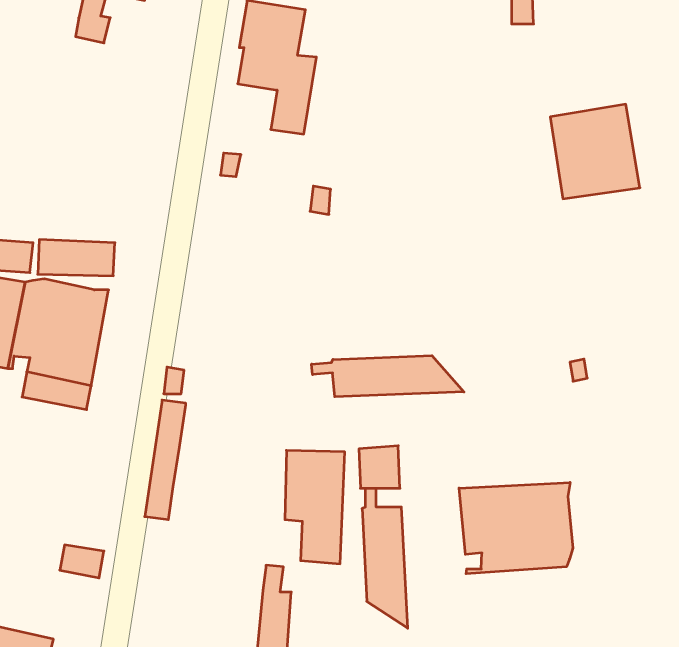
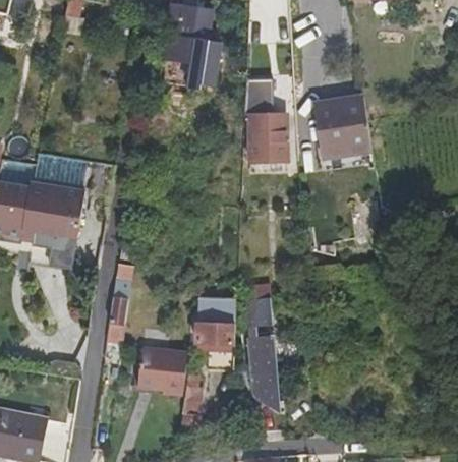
building: [550,104,640,199] -> [316,96,374,157]
building: none -> [245,77,287,159]
building: [312,356,464,397] -> none
building: [459,482,573,574] -> none
building: none -> [135,348,186,393]

